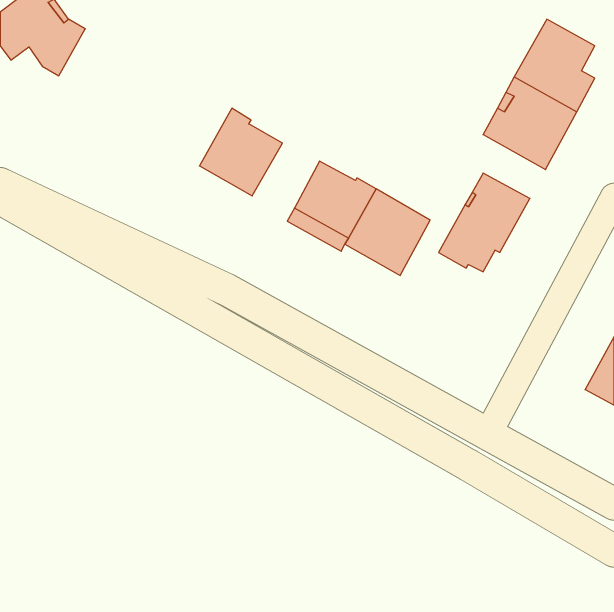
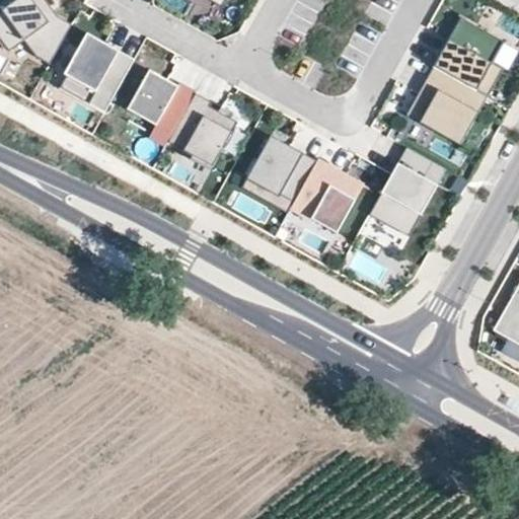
building: none -> [63,36,134,106]
building: none -> [128,68,196,144]

